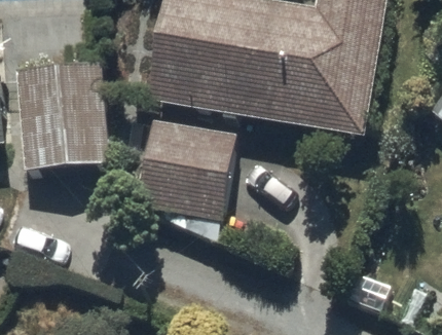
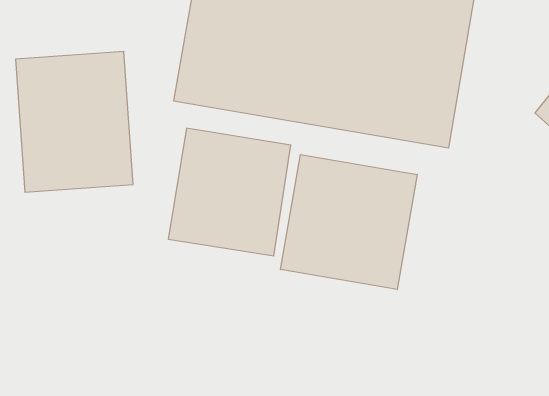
building: none -> [280,155,417,290]

